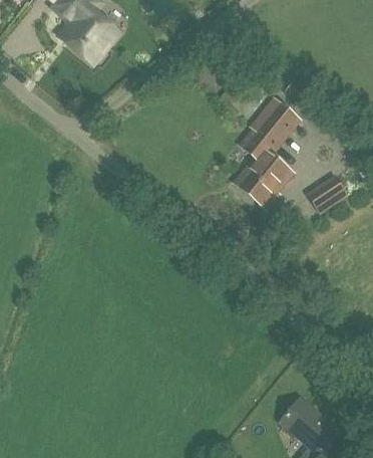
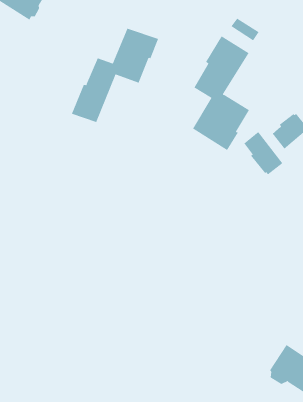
building: none -> [71,28,159,123]
building: none -> [243,131,283,175]

